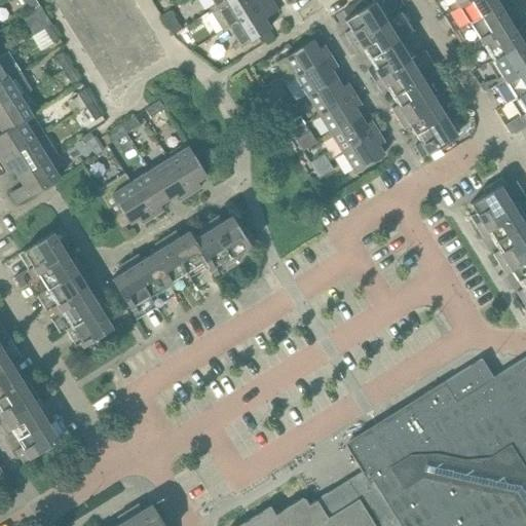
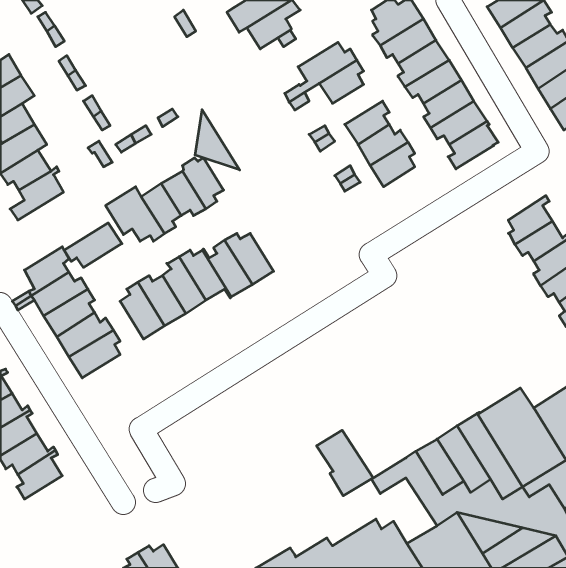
building: [309,78,355,115] -> none
building: none -> [195,110,240,170]
building: none -> [64,223,122,267]
building: [353,442,406,502] -> [317,430,373,496]

